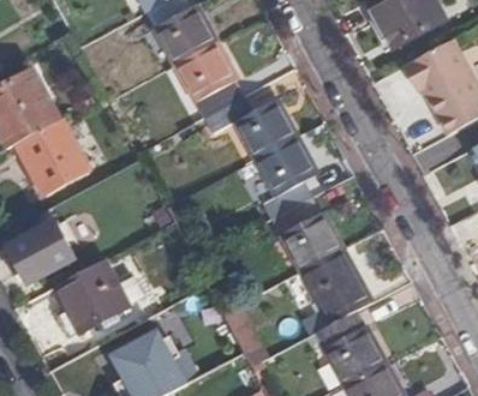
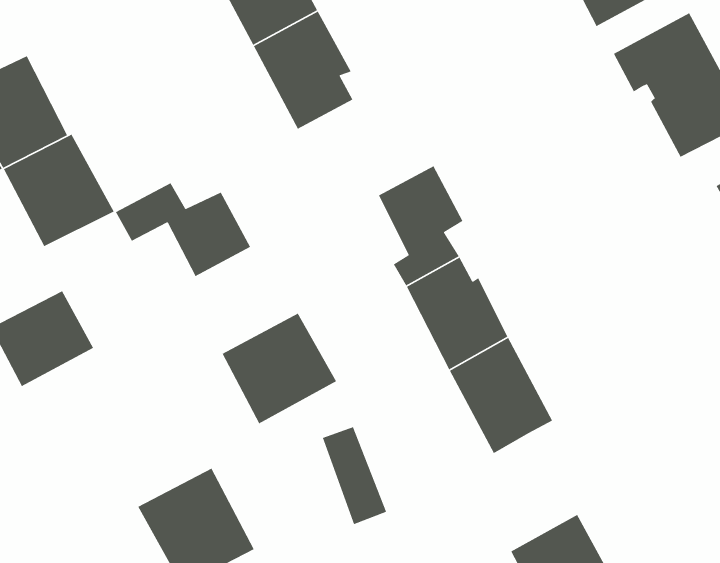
building: [205,95,293,156] -> [115,182,251,277]
building: [52,257,126,329] -> [222,313,337,424]
building: [315,310,386,385] -> none

